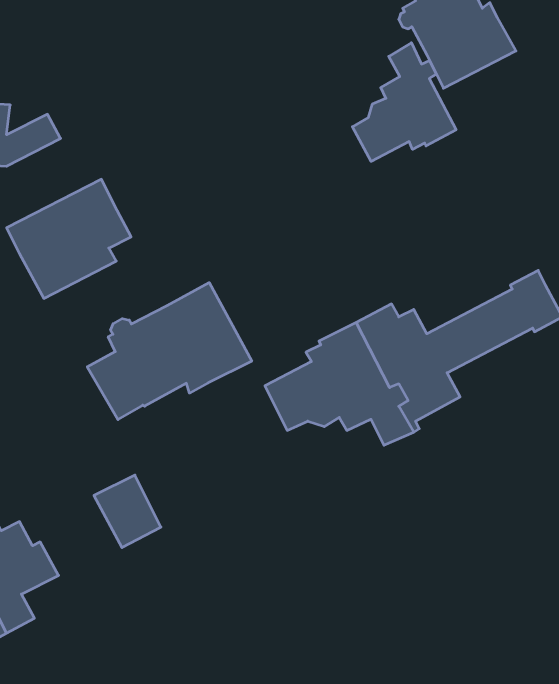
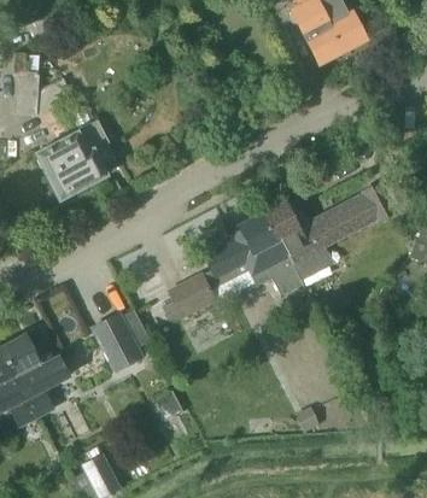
building: [352,43,456,161] -> none
building: [87,283,252,420] -> none
building: none -> [169,274,216,317]

